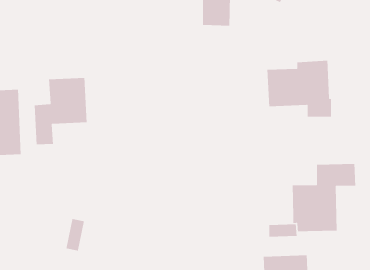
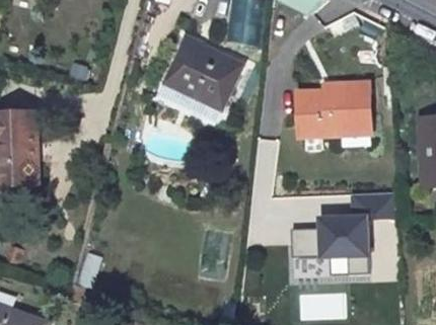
building: none -> [164,36,243,112]
building: [34,77,87,145] -> none
building: none -> [291,228,328,257]

